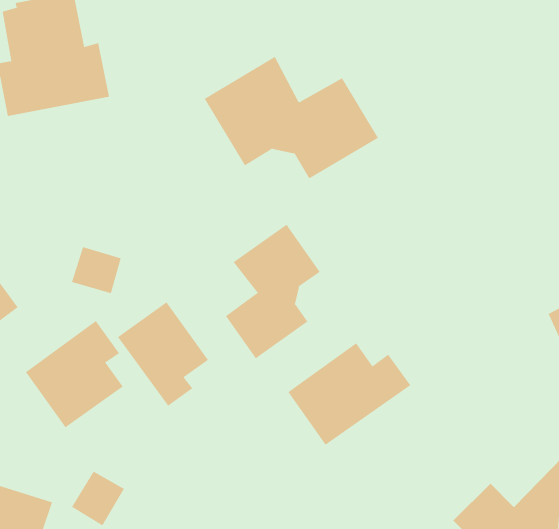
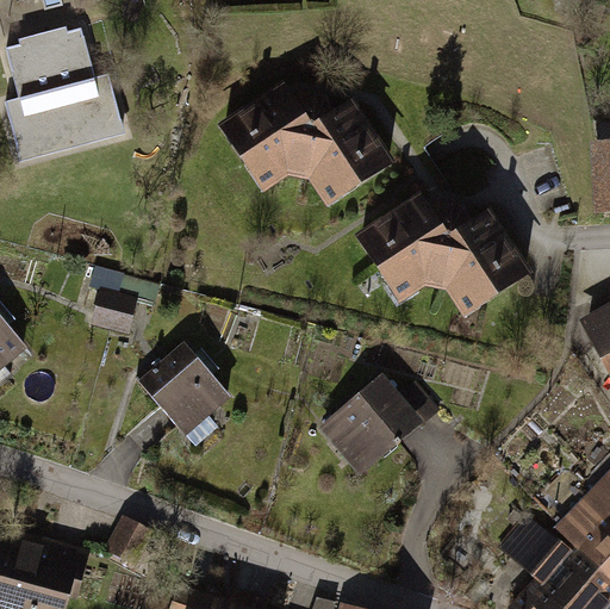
building: none -> [357,193,539,315]
building: [225,224,321,359] -> none
building: [25,320,124,428] -> none

